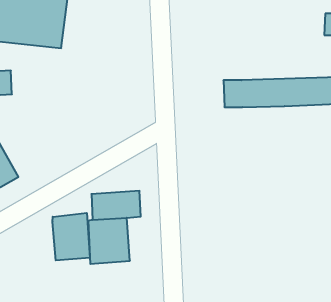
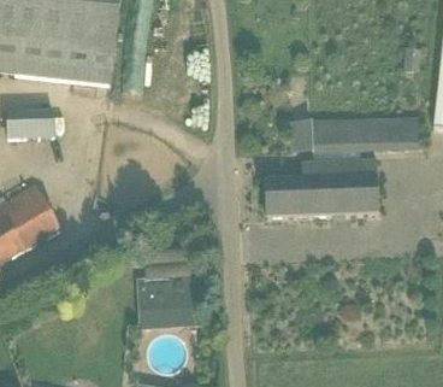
building: none -> [264,148,377,217]
building: [53,213,90,260] -> none

